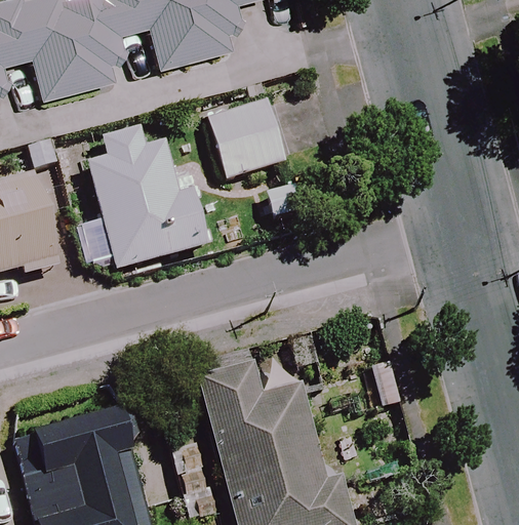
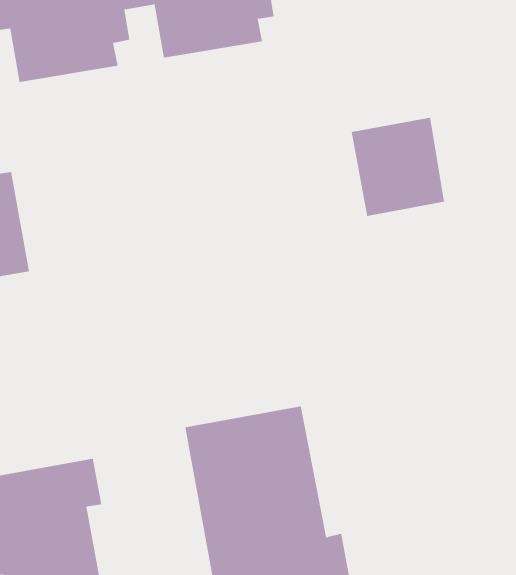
building: [205,95,288,183] -> [351,117,445,217]
building: [86,128,210,271] -> none

